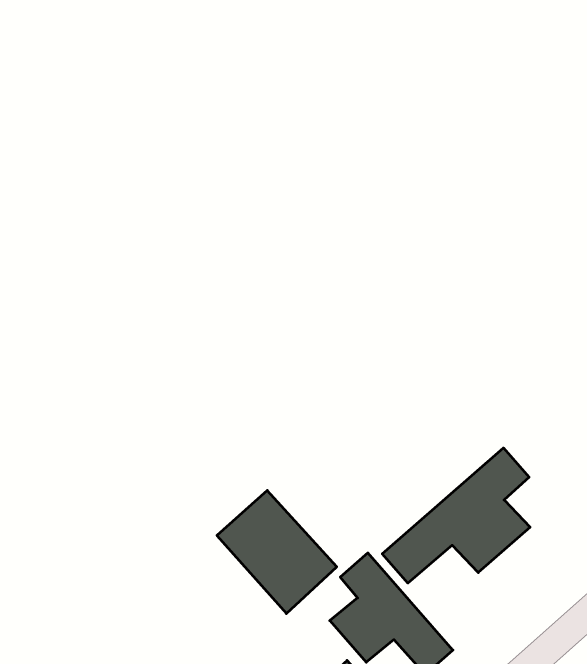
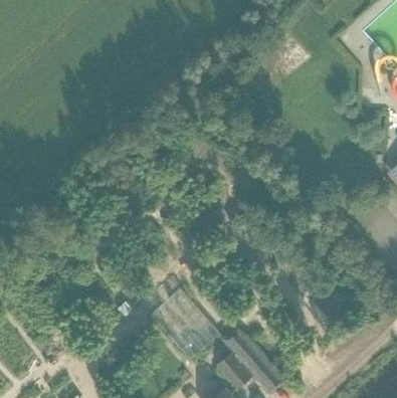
building: [382,448,530,583] -> none

